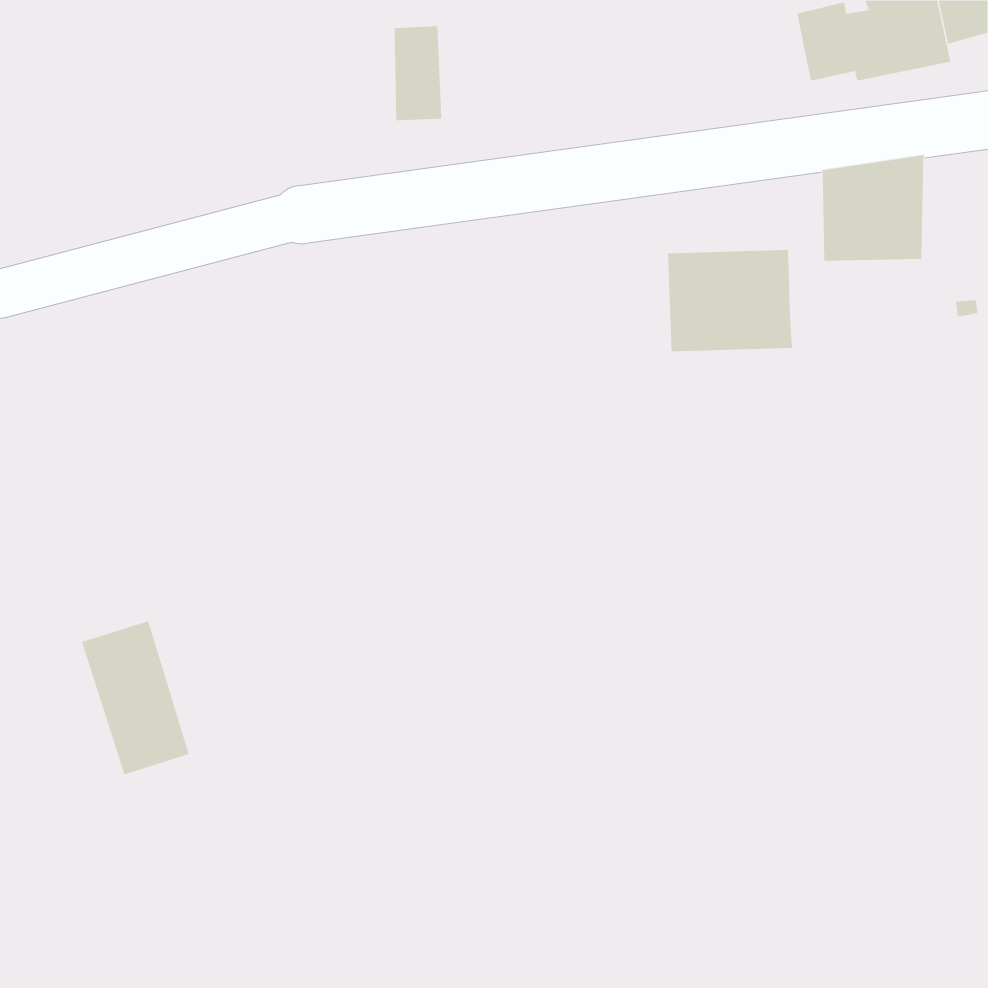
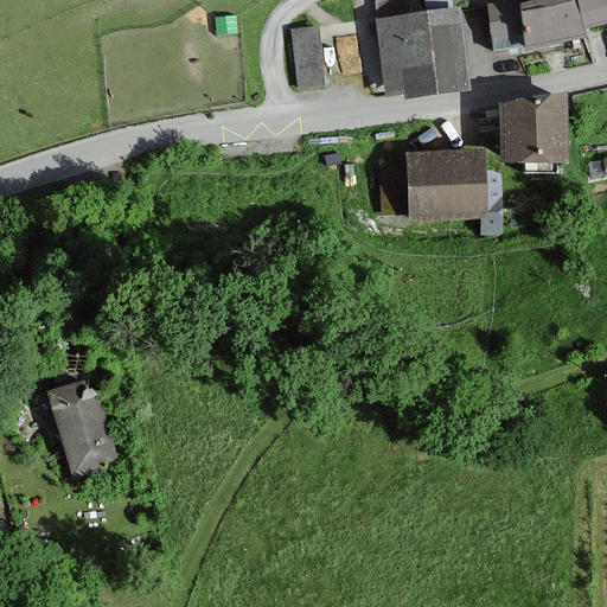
building: none -> [375,8,465,96]
building: [394,26,442,121] -> [293,27,322,85]

